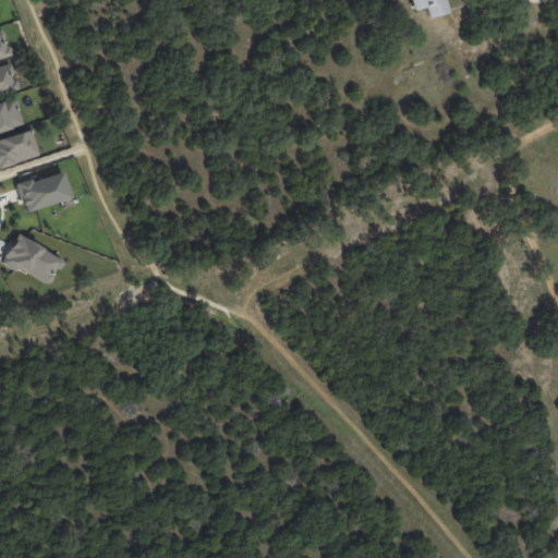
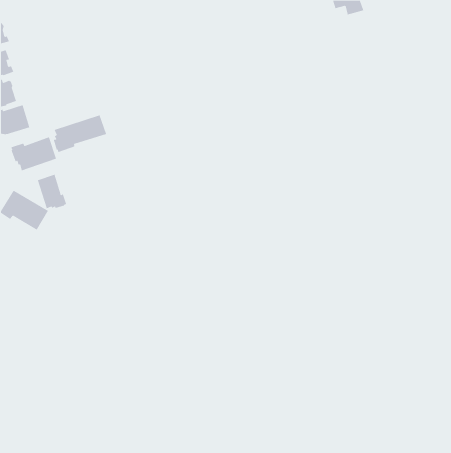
building: none -> [53,115,107,153]
building: none -> [37,174,67,209]

